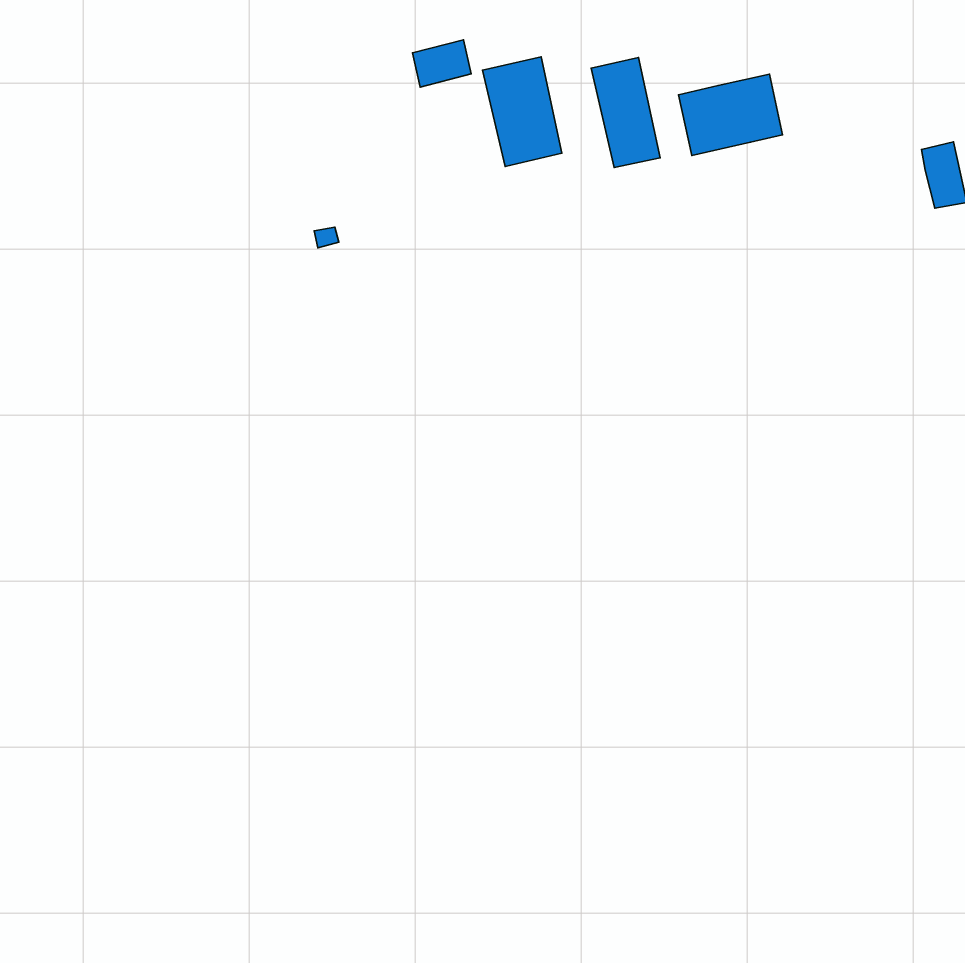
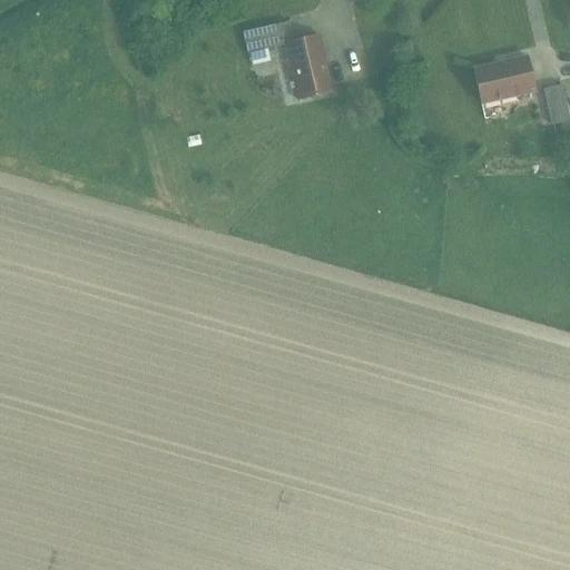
building: [591,57,660,168] -> none
building: [679,74,783,156] -> [473,55,534,102]

